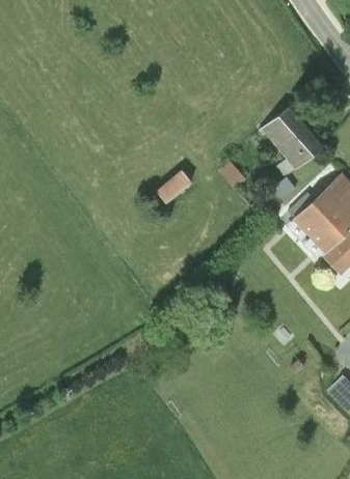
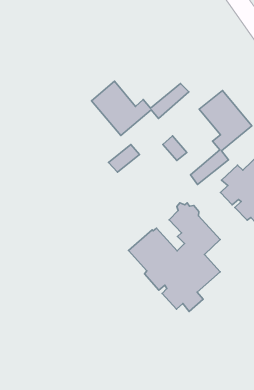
building: none -> [92,81,189,135]
building: none -> [128,203,220,312]

